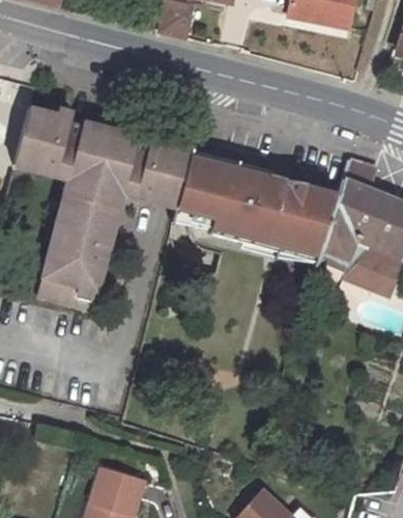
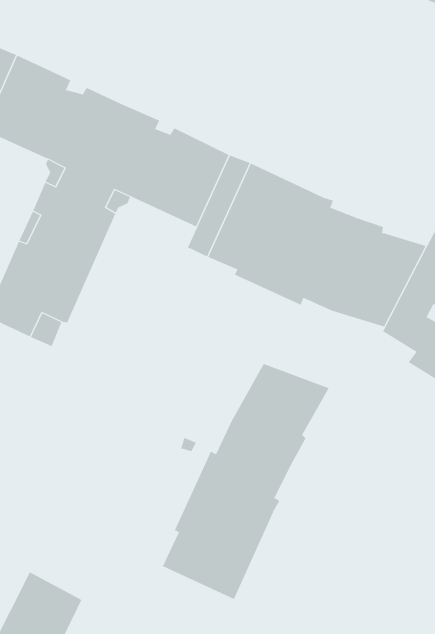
building: none -> [162,363,329,600]

